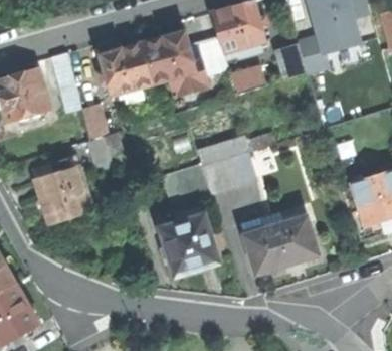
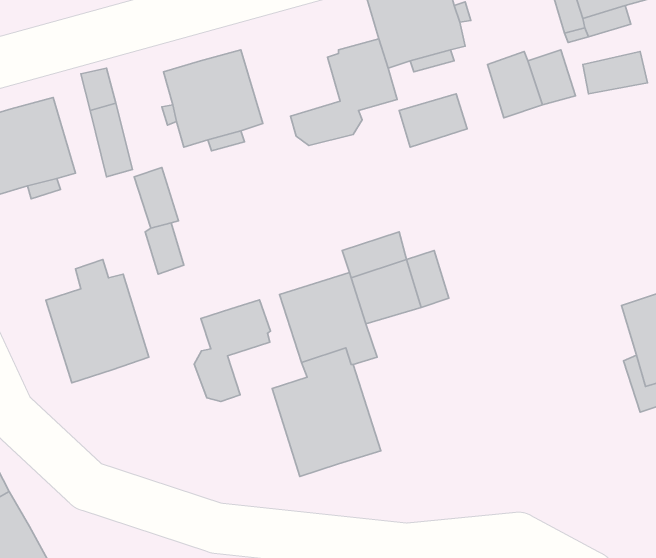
building: [142,30,196,82] -> none
building: none -> [194,300,270,401]
building: [240,216,317,277] -> none

